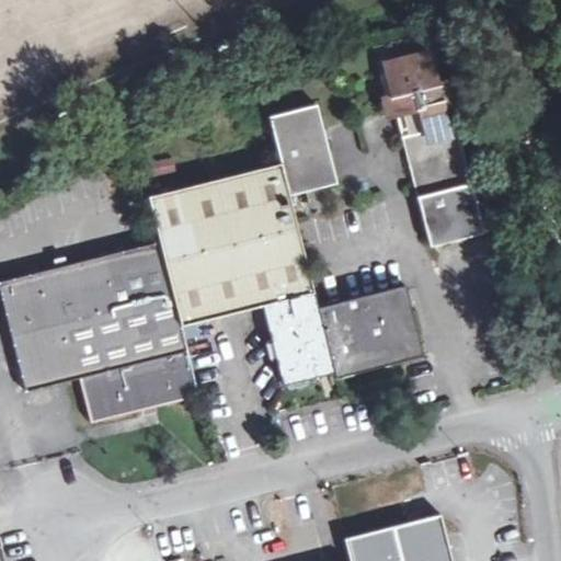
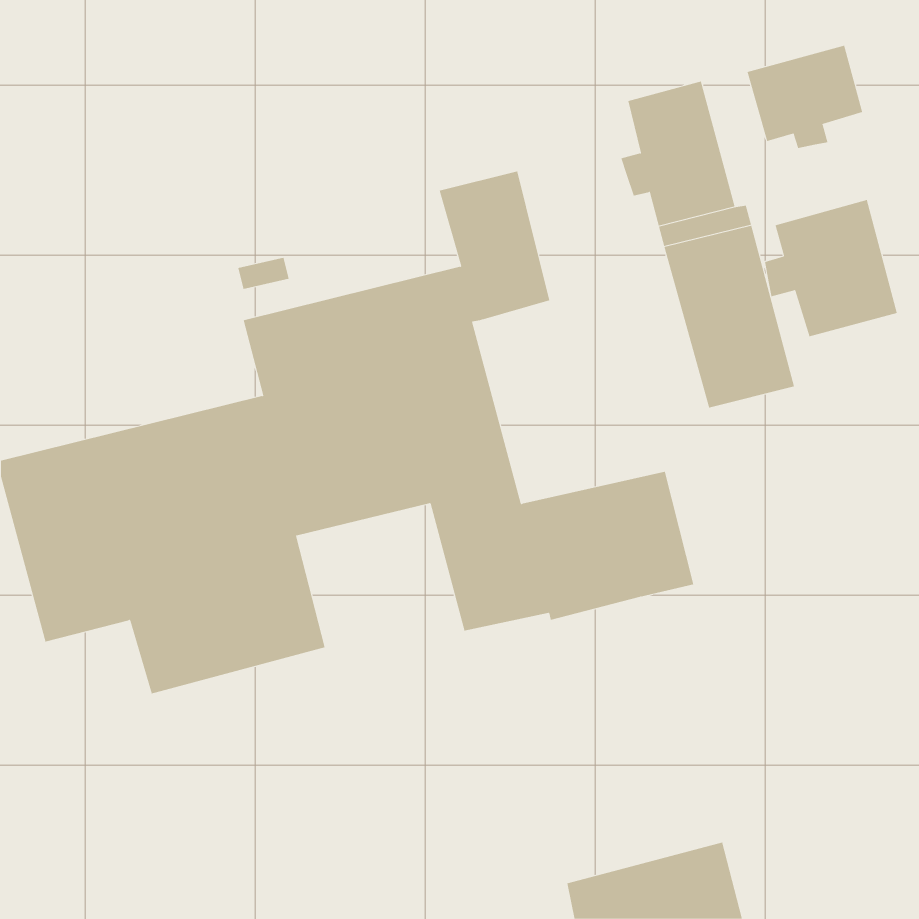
building: none -> [747,45,863,149]
building: none -> [764,199,898,337]

